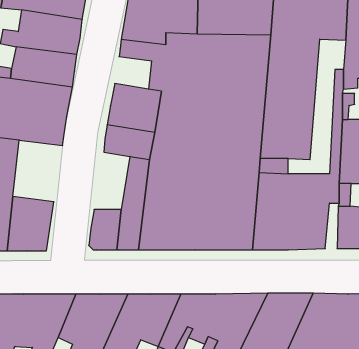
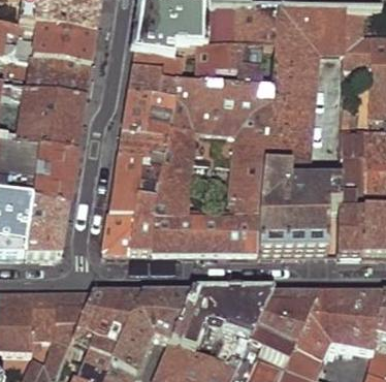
building: none -> [127,68,162,99]
building: none -> [30,148,77,206]
building: none -> [107,159,141,214]

